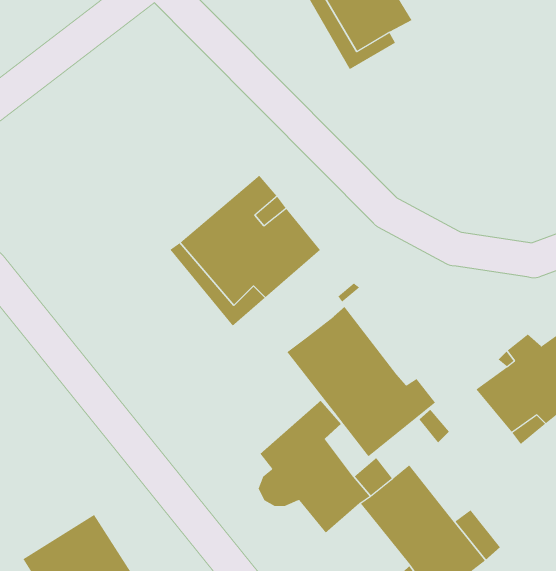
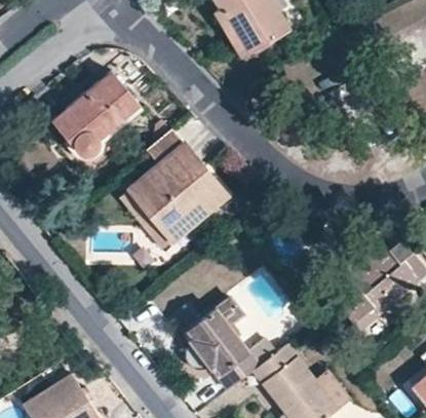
building: none -> [53,71,140,157]
building: [286,306,436,457] -> none

